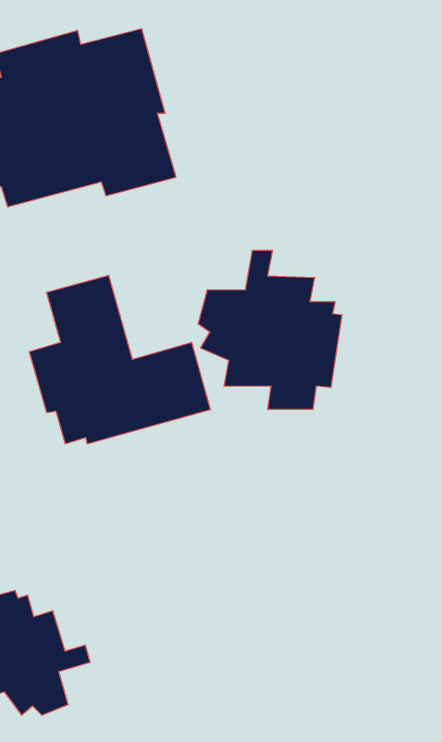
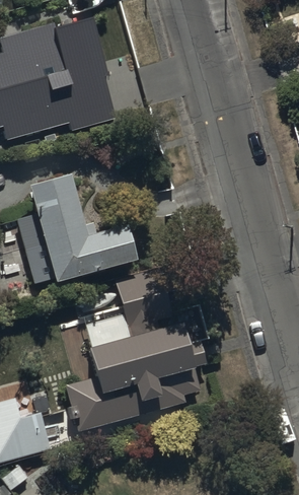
building: [198,250,342,410] -> none
building: none -> [63,279,217,421]

